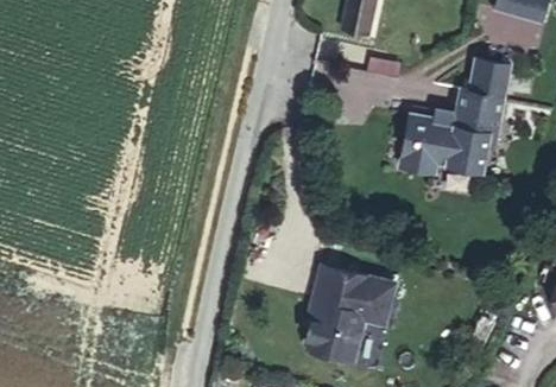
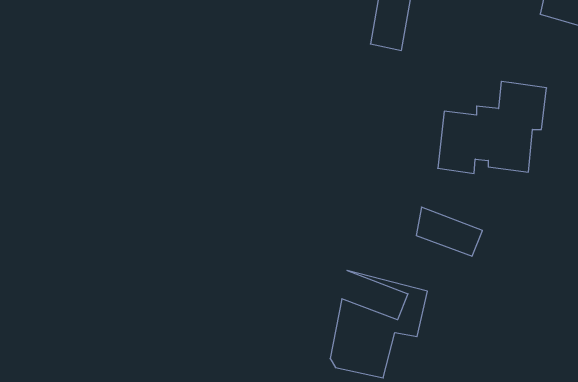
building: [470,58,507,95] -> none
building: [315,262,375,307] -> [416,207,482,256]

